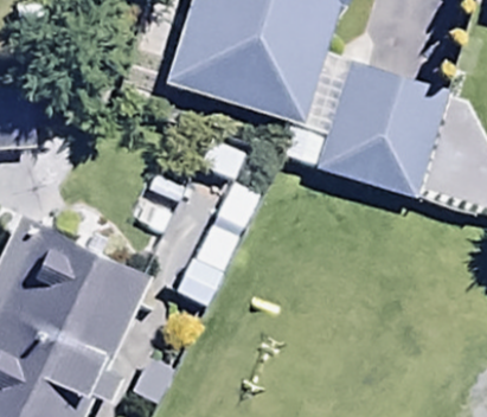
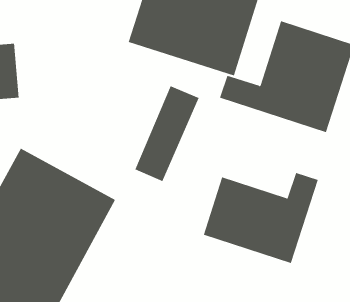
building: none -> [203,172,318,264]

